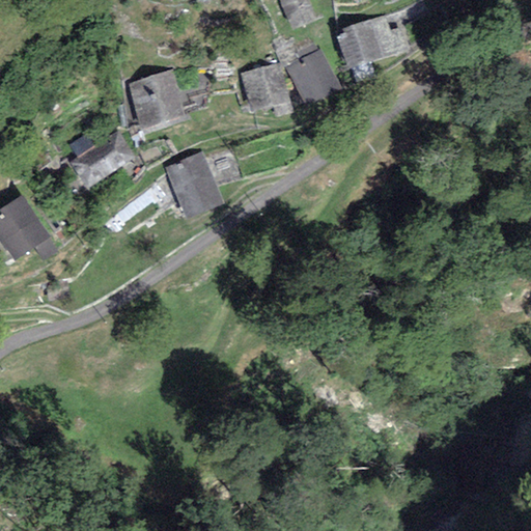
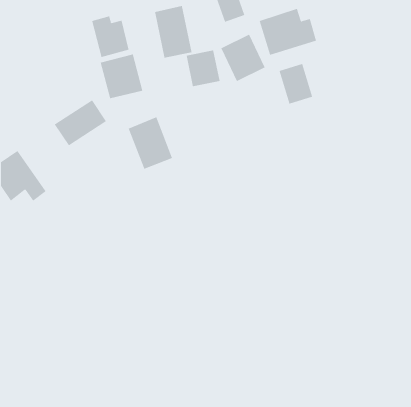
building: none -> [155,5,192,59]
building: none -> [91,16,129,58]
building: none -> [279,63,313,105]

